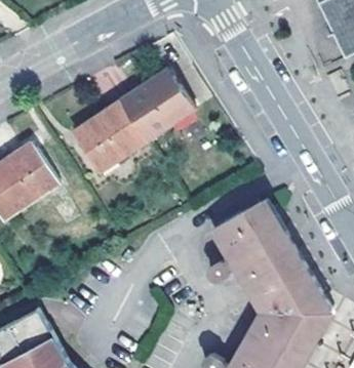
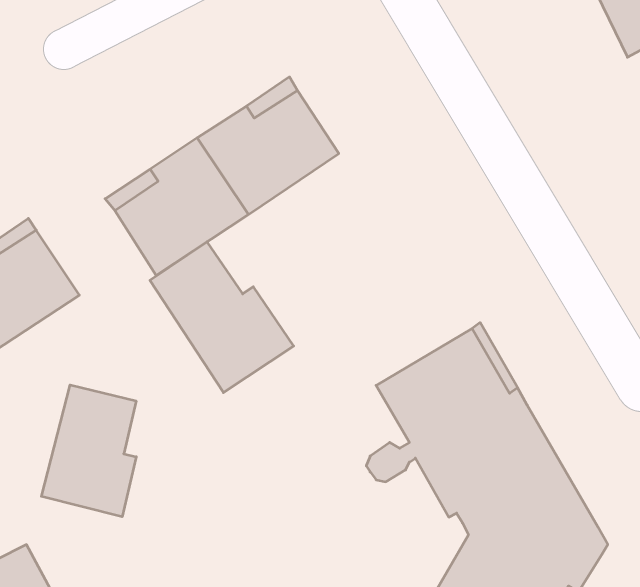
building: none -> [150,242,294,393]
building: none -> [41,385,136,517]

